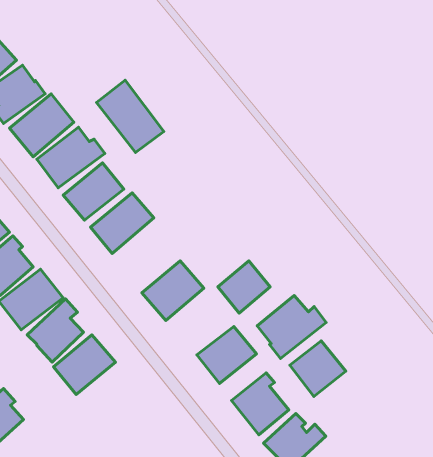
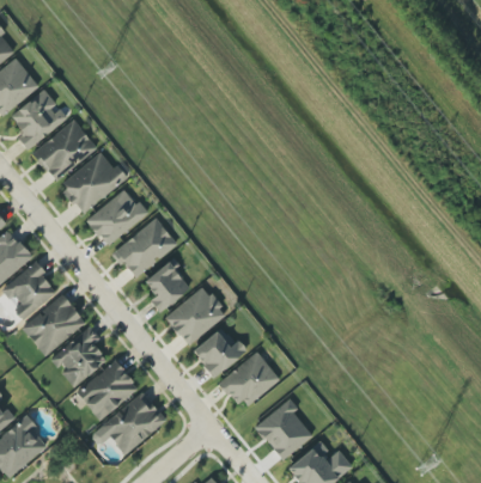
building: [97,80,164,153] -> none
building: none -> [145,258,190,311]
building: [218,261,270,313] -> [193,325,245,378]
building: [257,296,326,359] -> none
building: [290,341,346,396] -> none
building: none -> [91,391,166,454]

